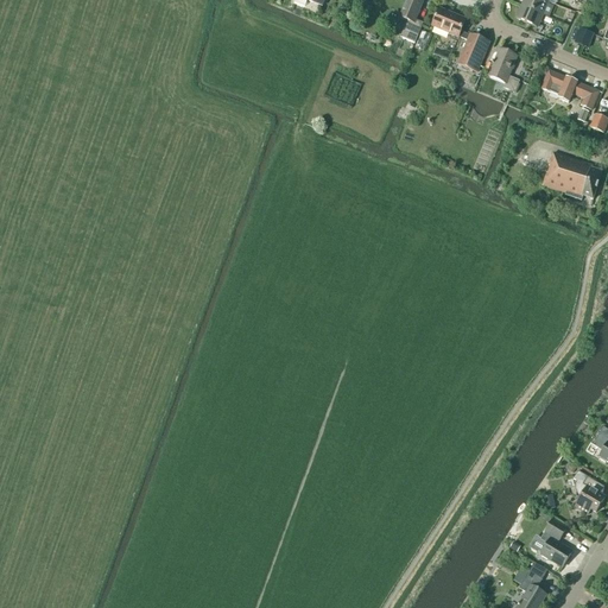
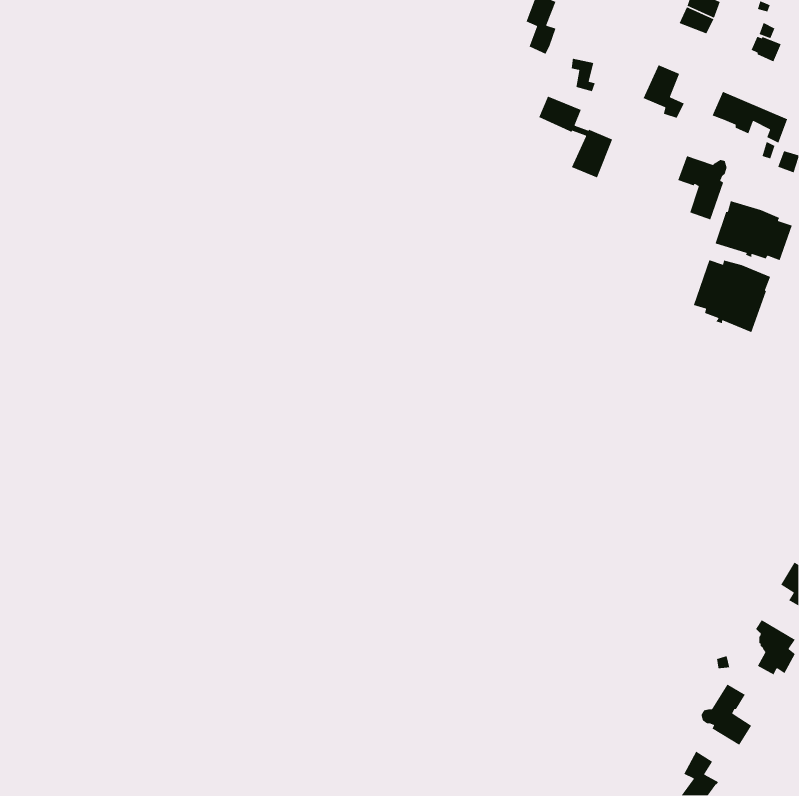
building: [432,8,489,71] -> [538,96,613,178]
building: none -> [677,155,728,220]
building: none -> [693,259,771,333]

